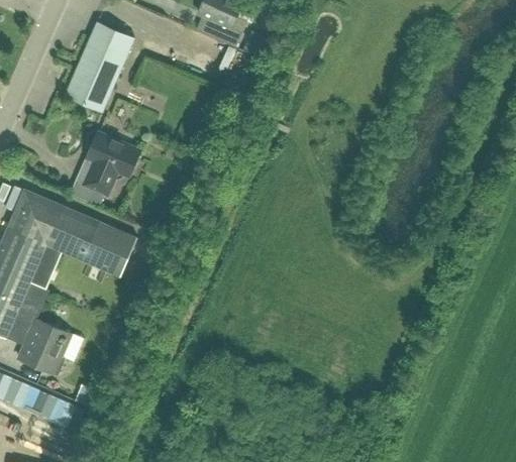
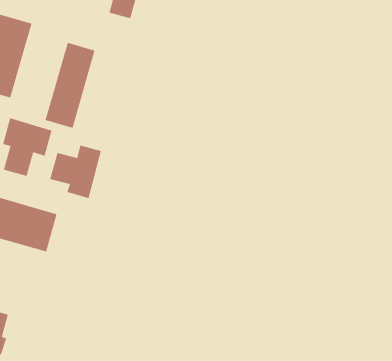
building: none -> [45,42,95,129]
building: none -> [49,145,102,199]

